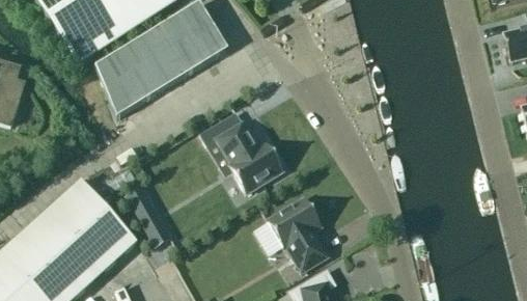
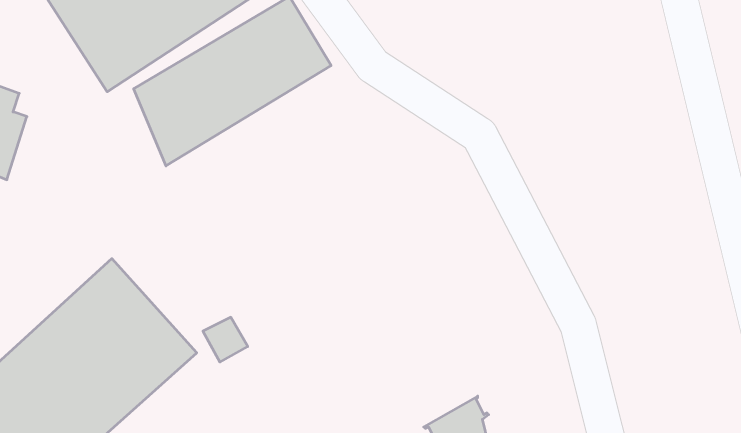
building: [217,122,283,191] -> none
building: [267,195,327,270] -> none

